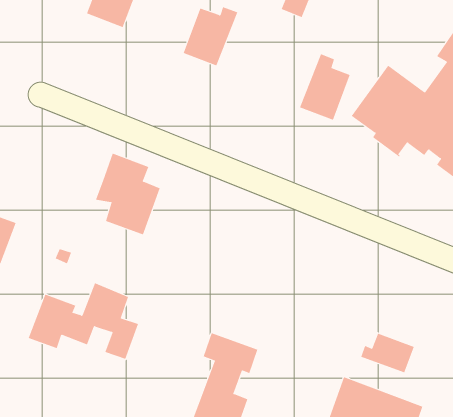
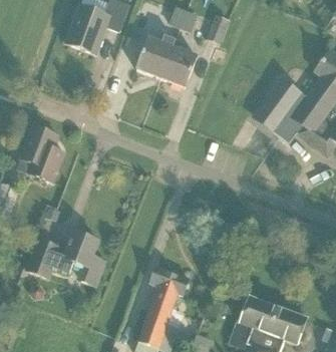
building: [299,53,351,120] -> [159,40,196,87]
building: [95,153,161,235] -> [19,125,65,184]
building: [360,333,415,373] -> none

